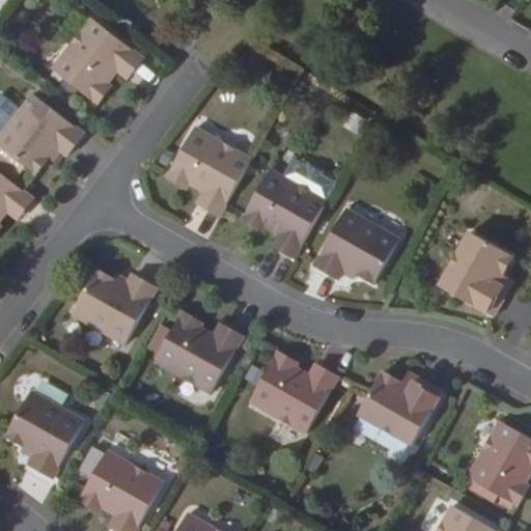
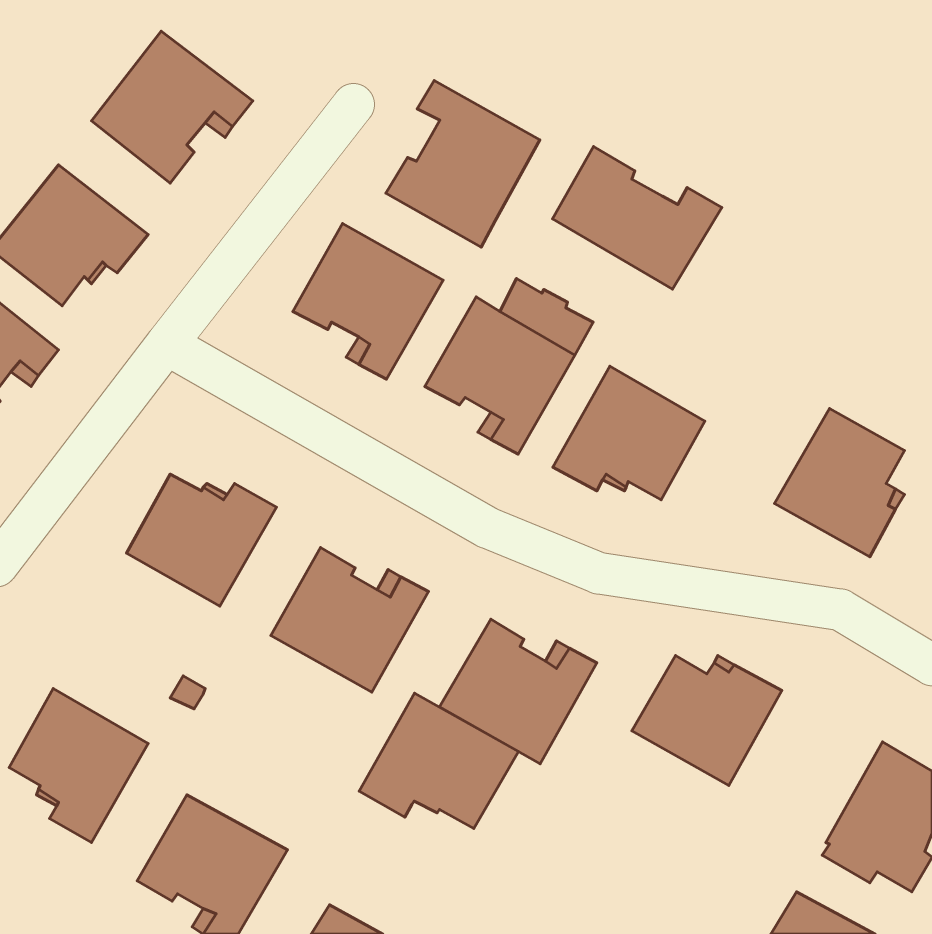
building: none -> [386,80,540,247]
building: none -> [553,147,722,289]
building: none -> [359,693,518,828]

